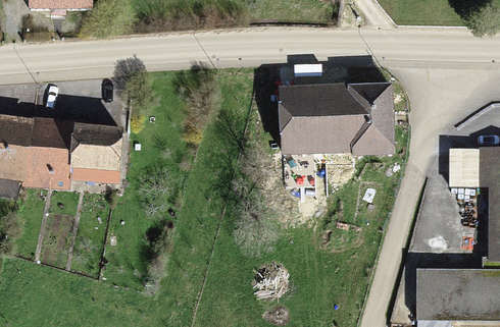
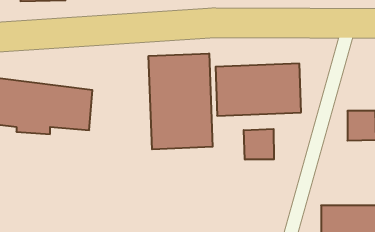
building: none -> [149,53,213,149]
building: none -> [244,129,274,160]

